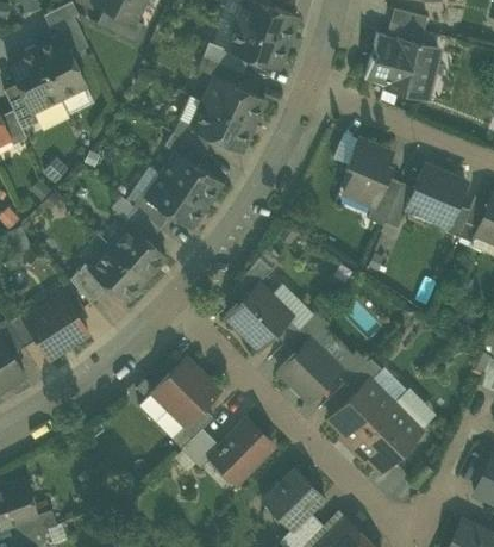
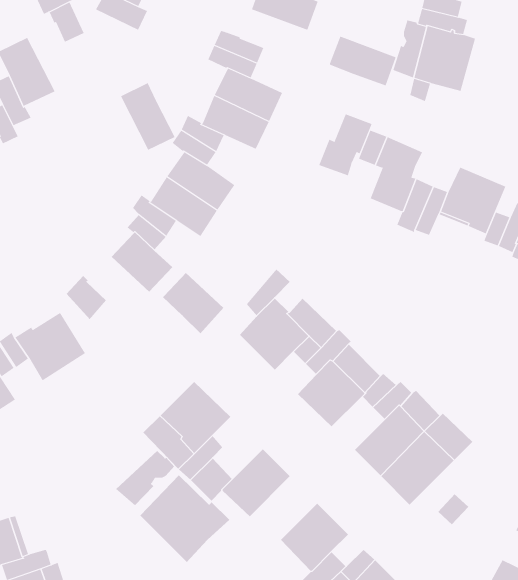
building: [227,24,288,69] -> [329,36,397,86]
building: [36,36,86,98] -> [120,82,176,151]
building: none -> [319,113,372,176]
building: [89,247,145,303] -> [162,272,224,334]
building: none -> [115,450,175,506]
building: none -> [139,474,230,563]

